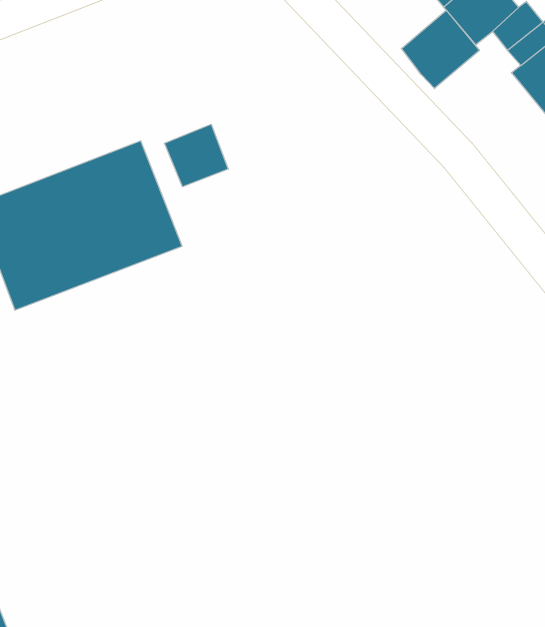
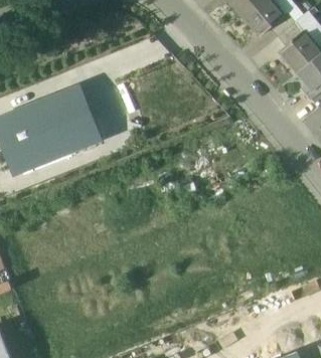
building: [401,10,479,89] -> none
building: [164,124,228,187] -> none

